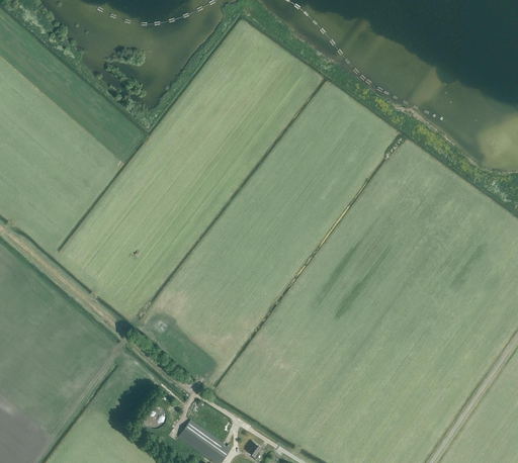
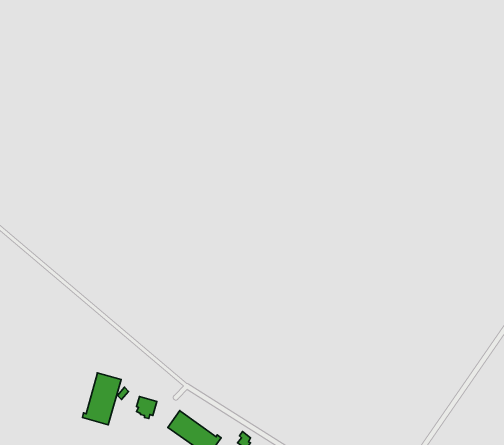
building: none -> [82,373,121,425]

